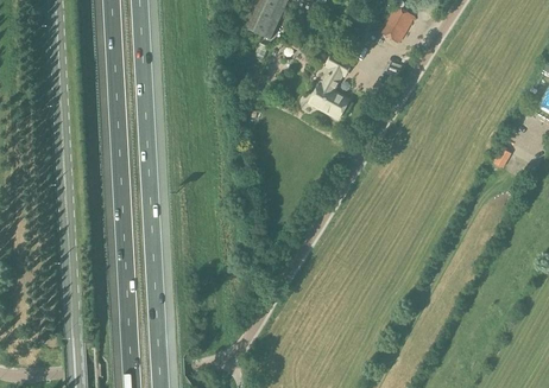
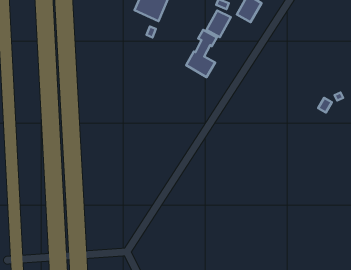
building: none -> [207,10,231,37]

